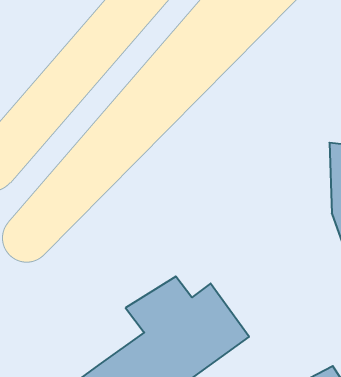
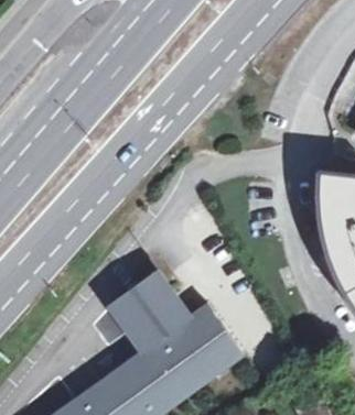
building: none -> [112,274,174,327]

